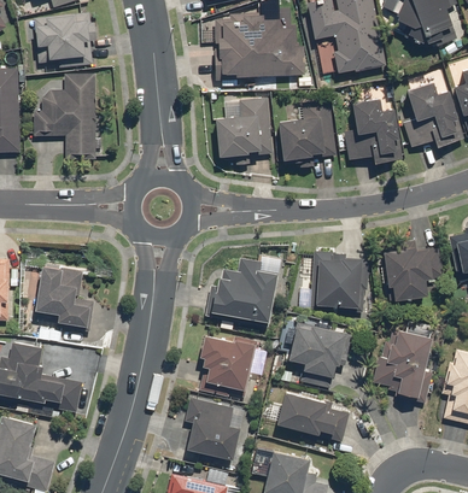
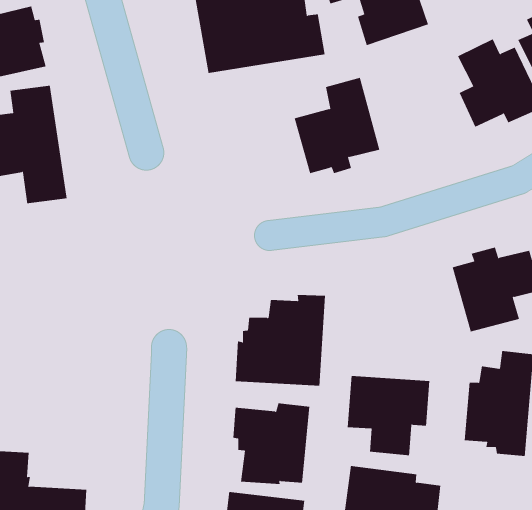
building: [215,96,274,166] -> none
building: [344,99,405,165] -> none
building: [299,251,370,312] -> none
building: [33,265,95,330] -> none

